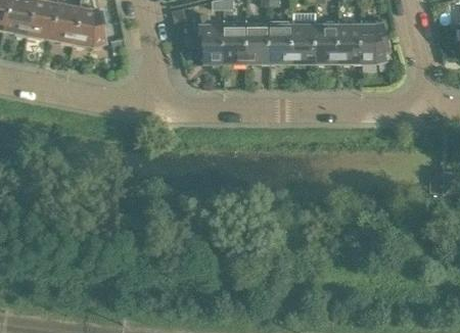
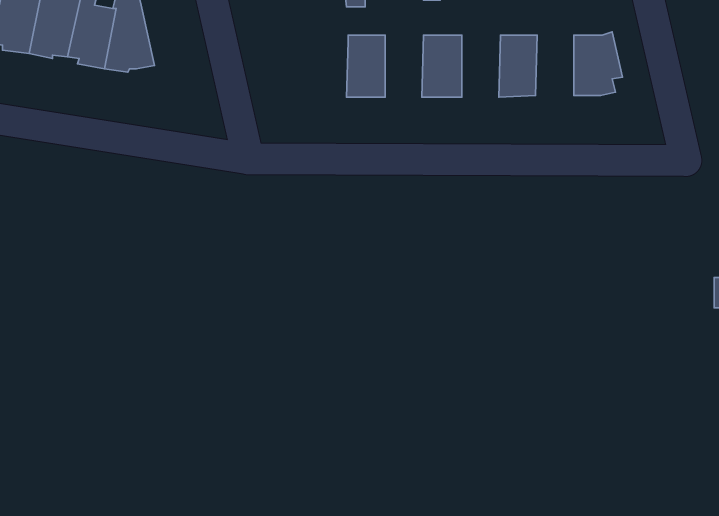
building: [290,12,314,62] -> none
building: [193,13,221,62] -> none
building: [243,25,267,62] -> none
building: [335,25,359,61] -> none

